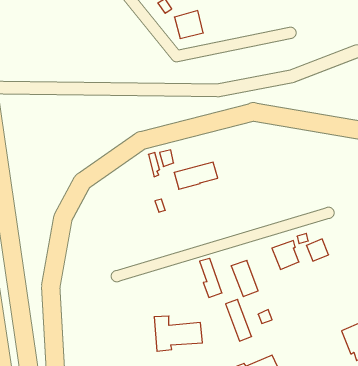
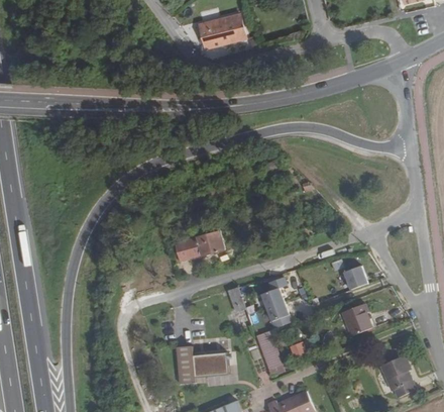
building: none -> [224,12,246,40]
building: [174,162,218,189] -> [173,232,220,262]
building: [272,241,299,269] -> [341,303,370,334]

